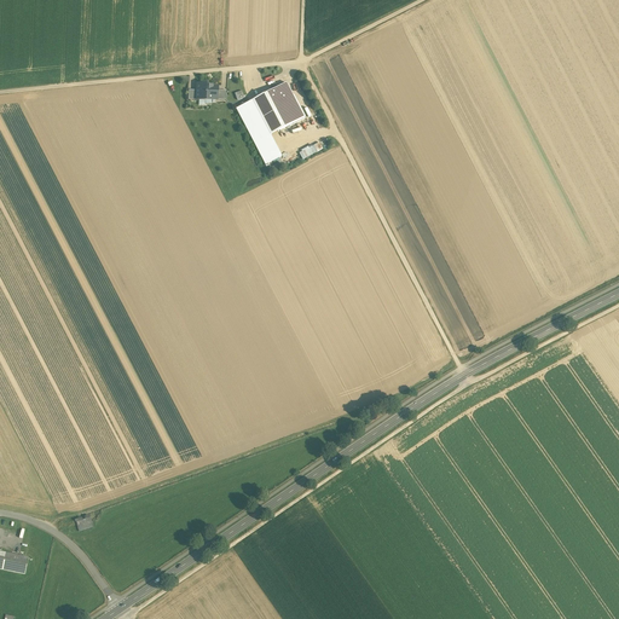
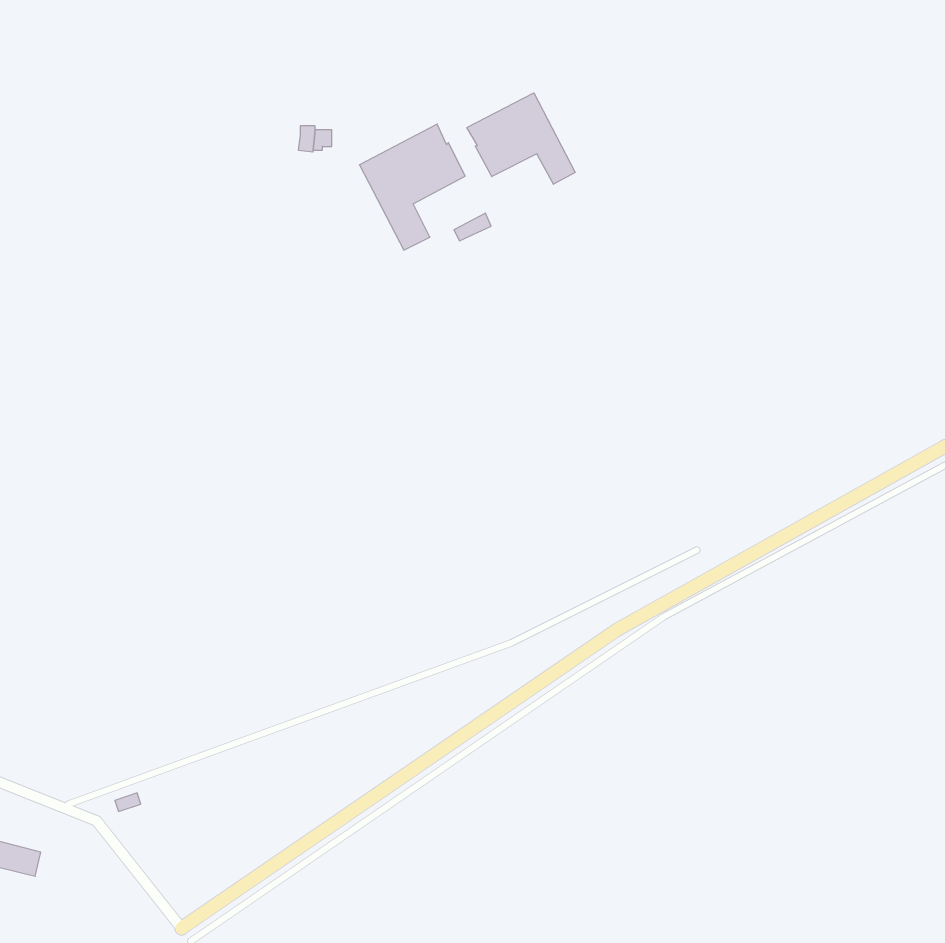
building: none -> [467,93,575,184]

